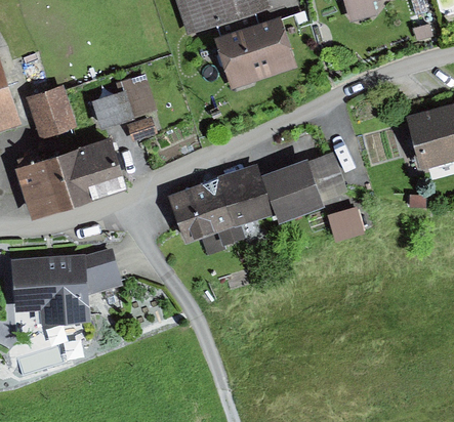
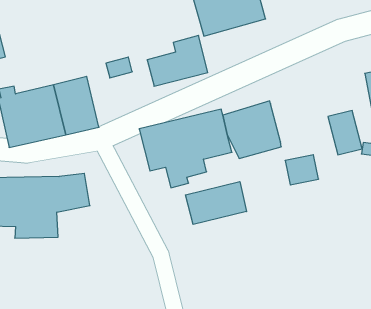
building: [91,74,157,131] -> [147,35,208,86]
building: [27,86,76,138] -> none
building: [307,149,346,197] -> [328,111,362,155]
building: none -> [185,182,247,224]

